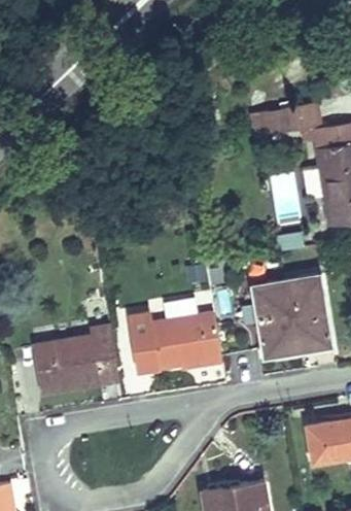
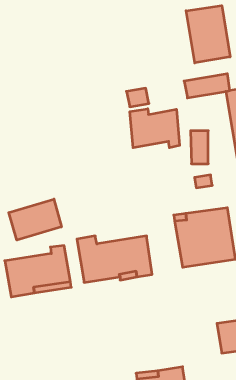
building: none -> [186,6,230,63]
building: none -> [130,109,180,148]
building: none -> [9,199,61,240]

